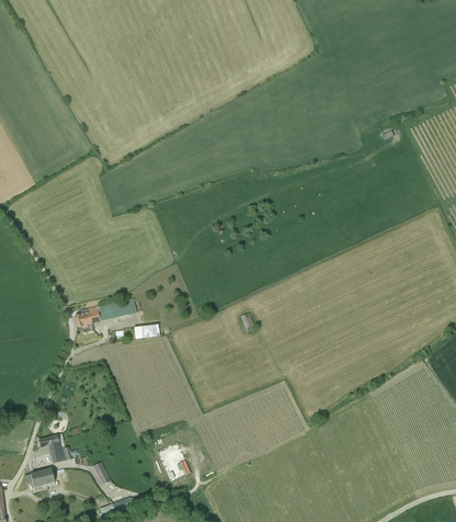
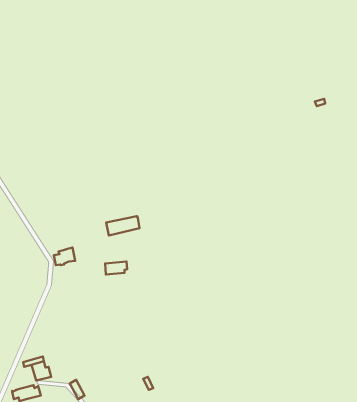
building: [95,299,135,322] -> [106,216,140,236]

